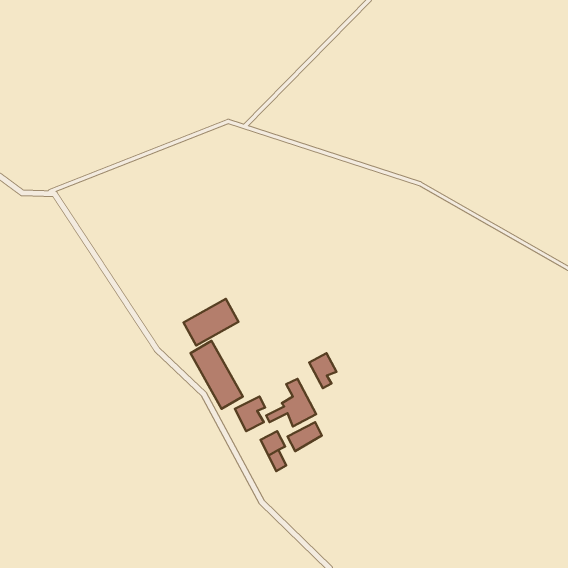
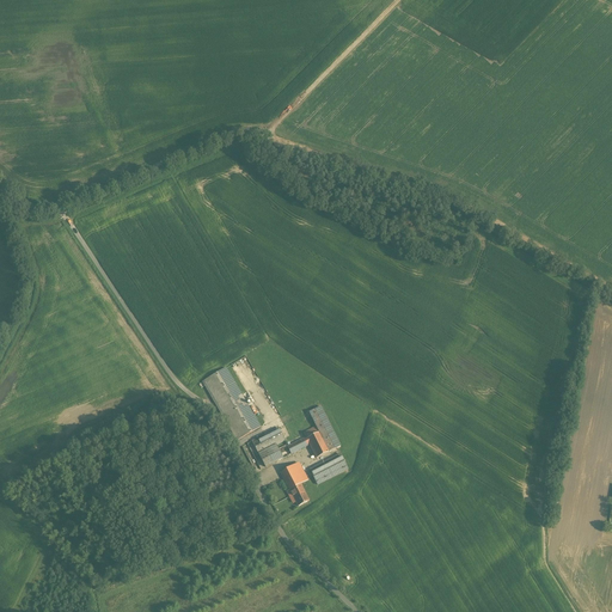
building: [184,299,239,346] -> none
building: [309,353,336,388] -> none

